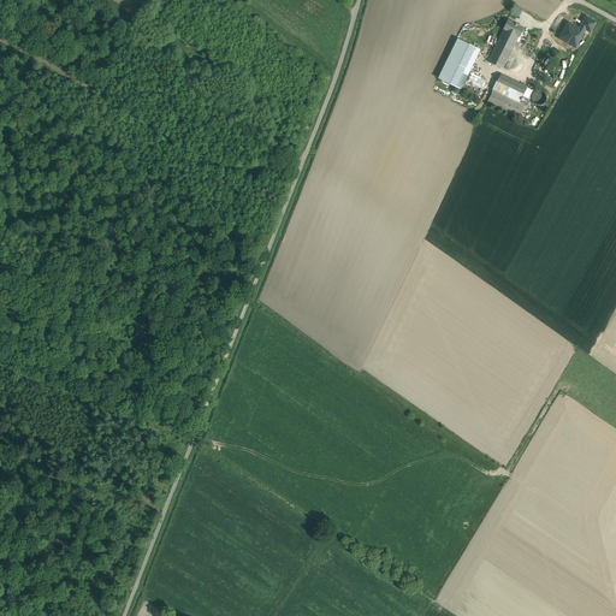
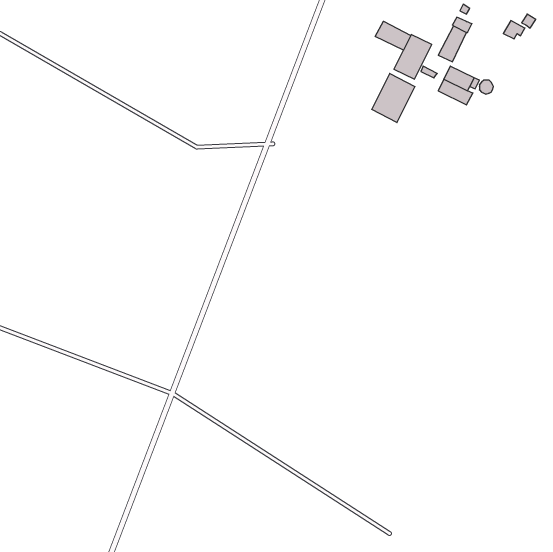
building: none -> [375,21,411,50]
building: none -> [372,73,415,123]

